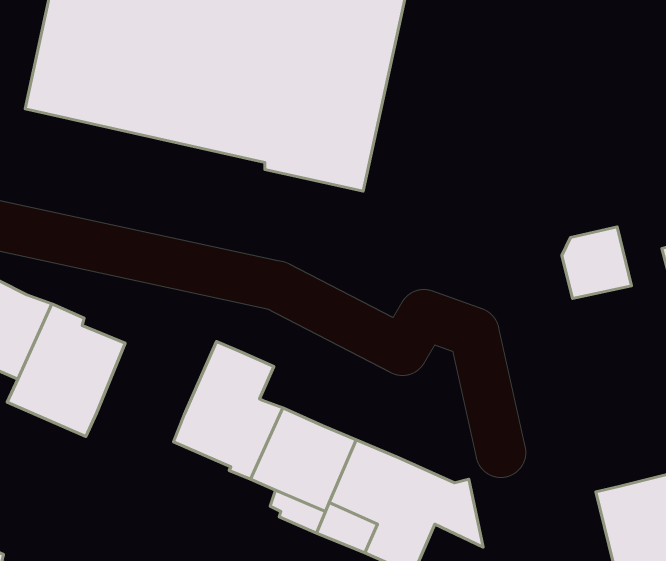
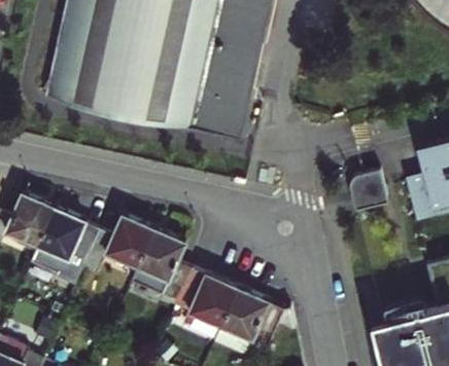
building: none -> [85,219,154,279]

